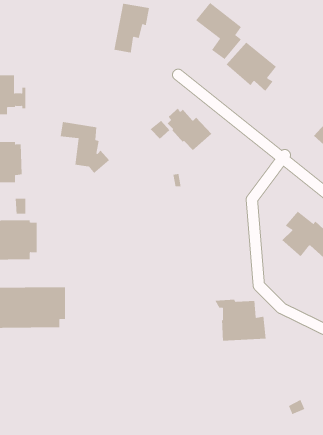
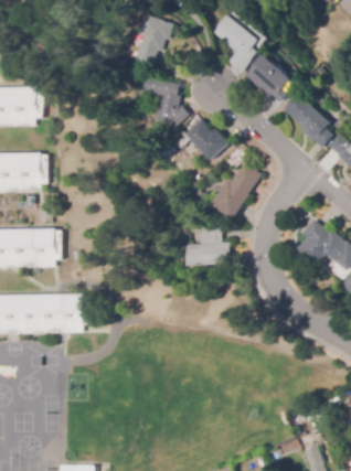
building: none -> [281,93,333,148]
building: [60,122,110,174] -> [141,77,190,128]
building: none -> [210,162,262,220]
building: [214,299,267,341] -> [180,225,231,266]

